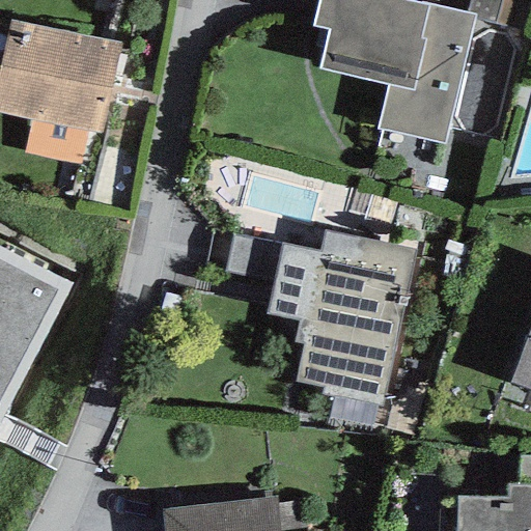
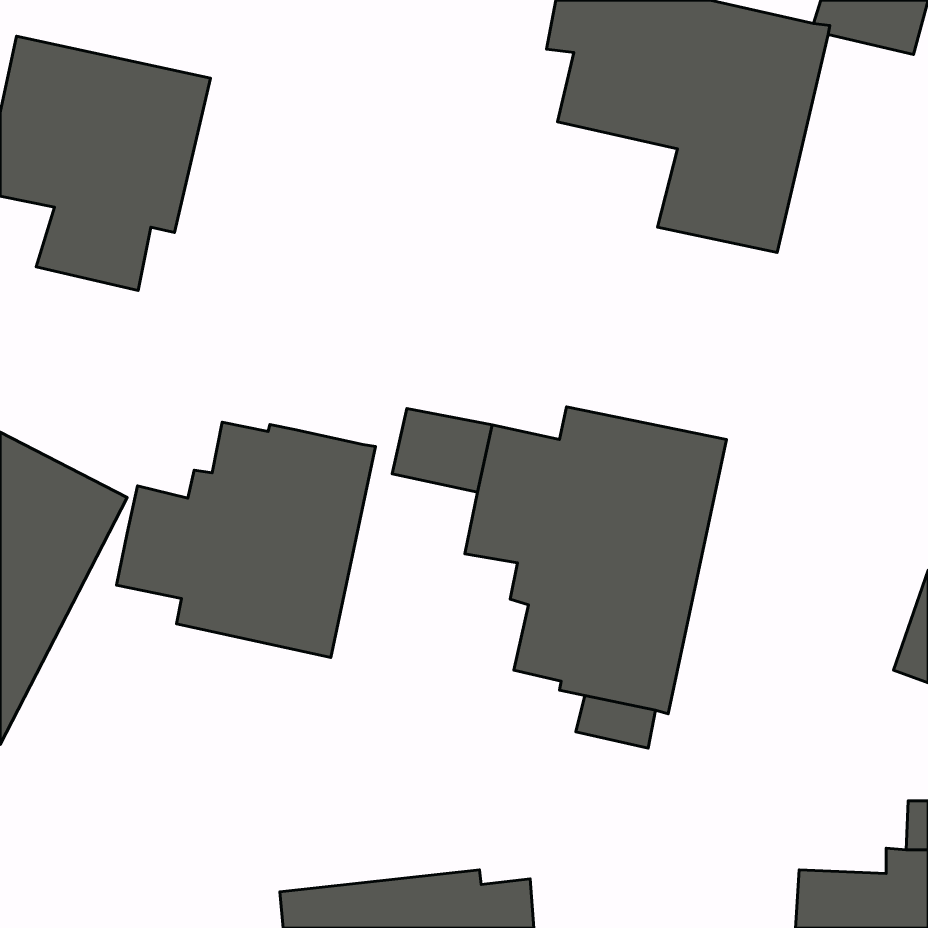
building: none -> [116,422,375,657]

